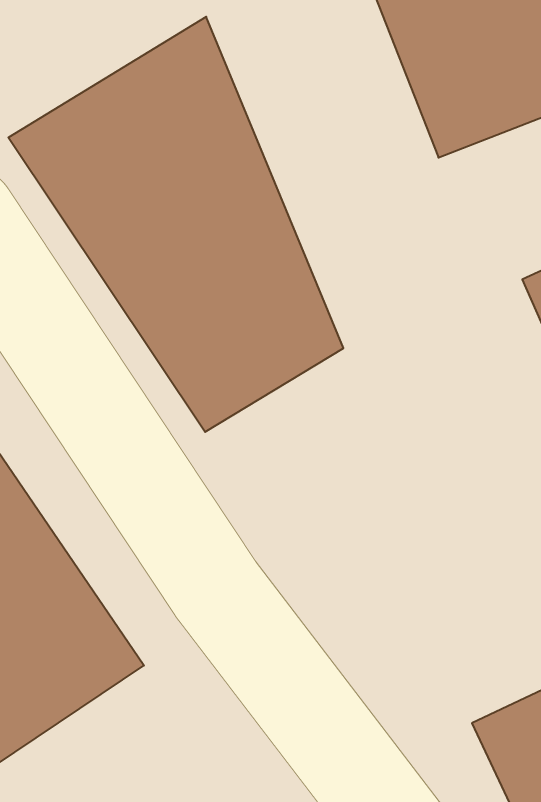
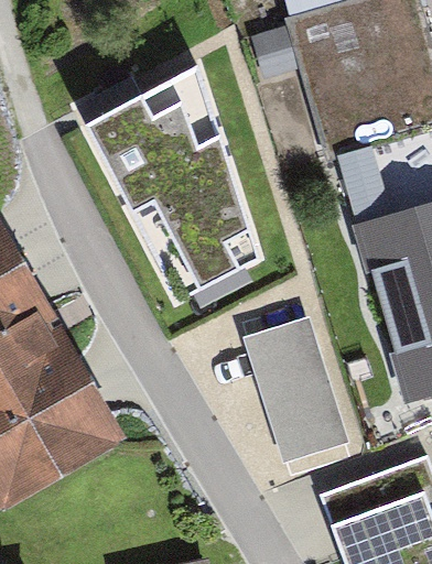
building: none -> [231,303,352,460]

